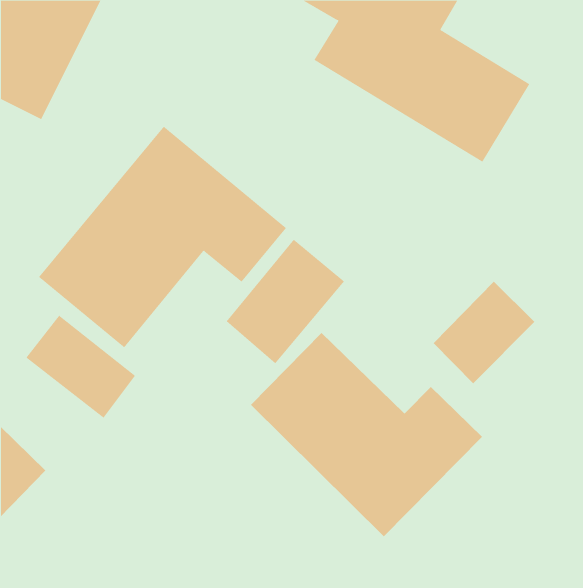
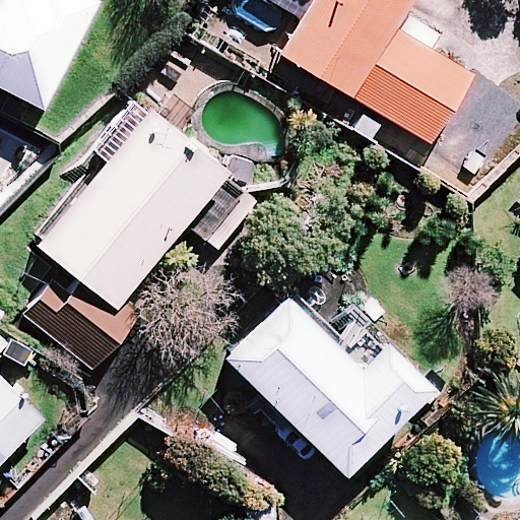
building: [226,239,345,364] -> none
building: [433,281,535,384] -> none

